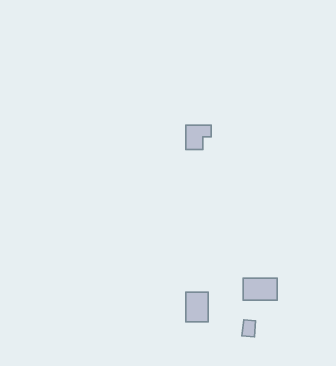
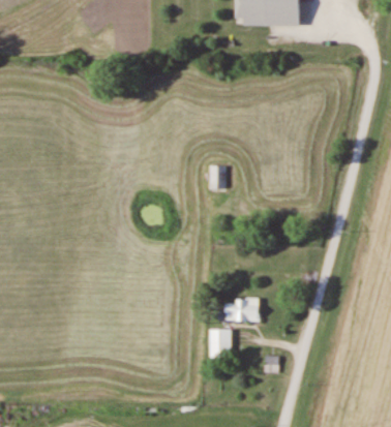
building: [243,278,277,300] -> [224,299,258,321]

